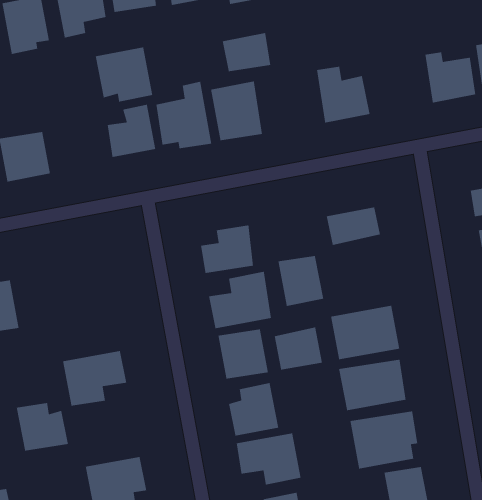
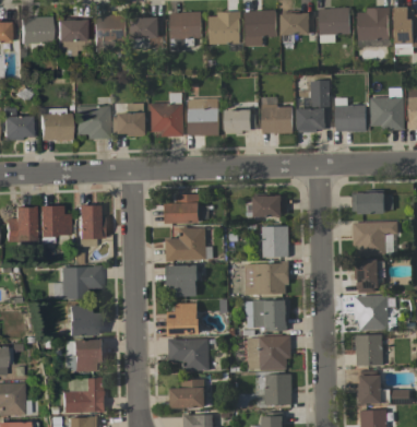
building: none -> [297,80,331,131]
building: [222,32,271,72] -> [224,109,254,132]
building: [95,47,153,103] -> [75,104,110,139]
building: [278,255,324,307] -> [261,226,288,258]
building: none -> [78,204,107,239]
building: none -> [38,205,70,236]
building: [274,327,323,371] -> none
building: [16,402,69,451] -> [68,305,99,335]

